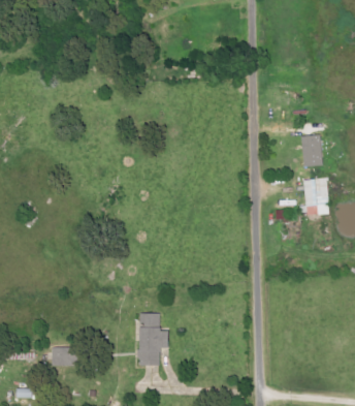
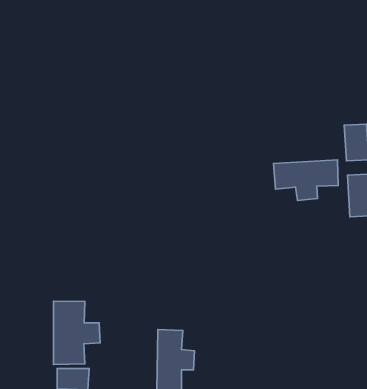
building: none -> [273,160,338,200]
building: none -> [53,301,100,365]

